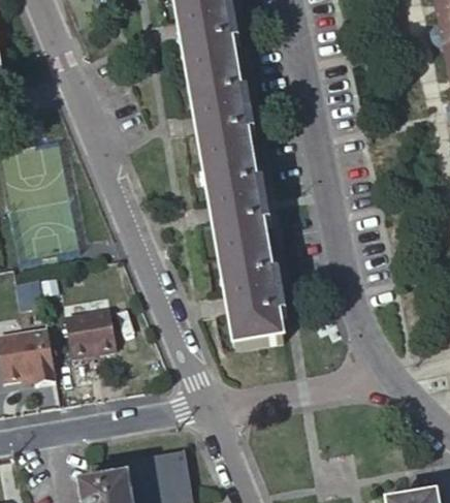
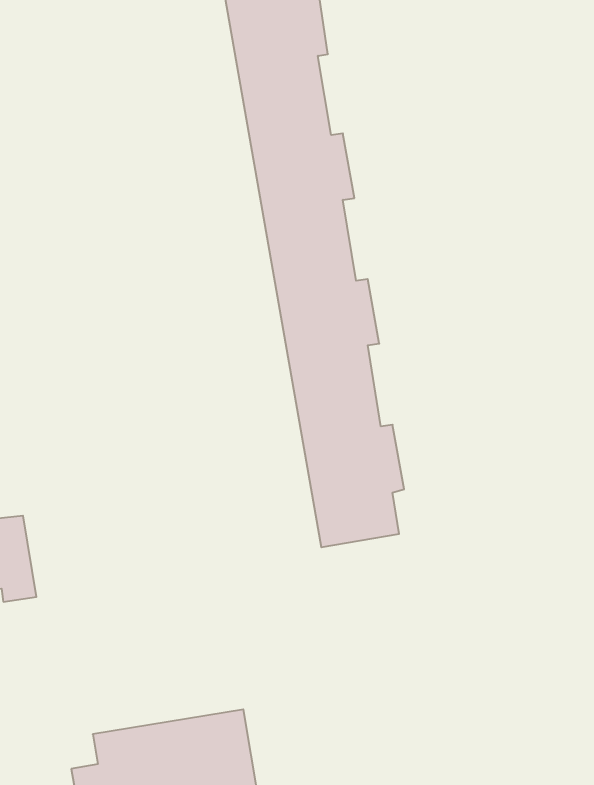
building: [67,310,118,356] -> none

